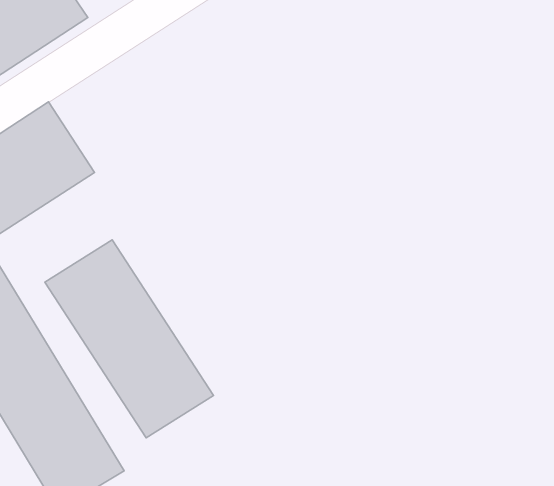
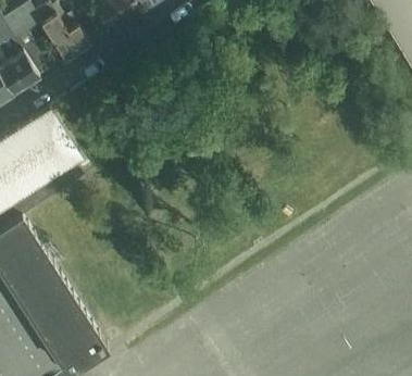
building: [45,240,213,438] -> none

